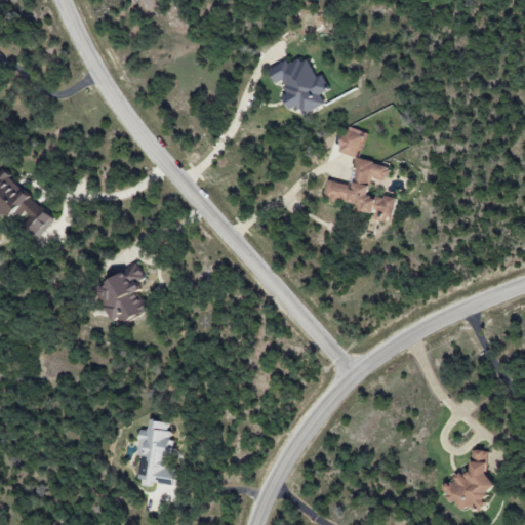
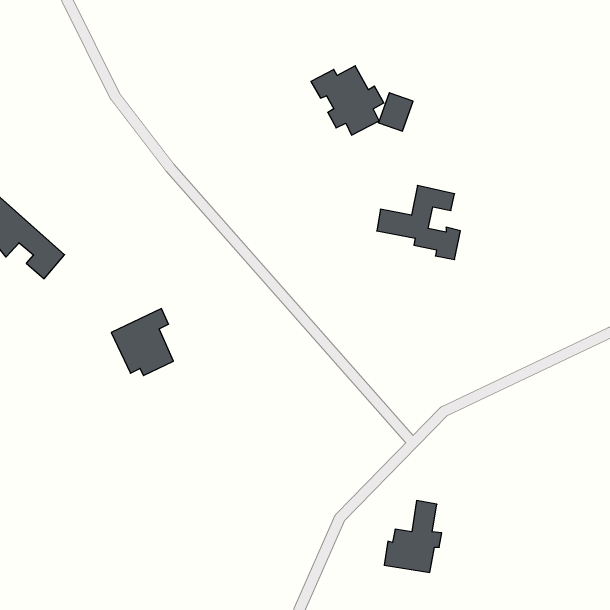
building: [338,125,368,158] -> [378,93,413,131]
building: [135,418,175,484] -> none
building: [443,449,492,511] -> [384,501,442,572]

